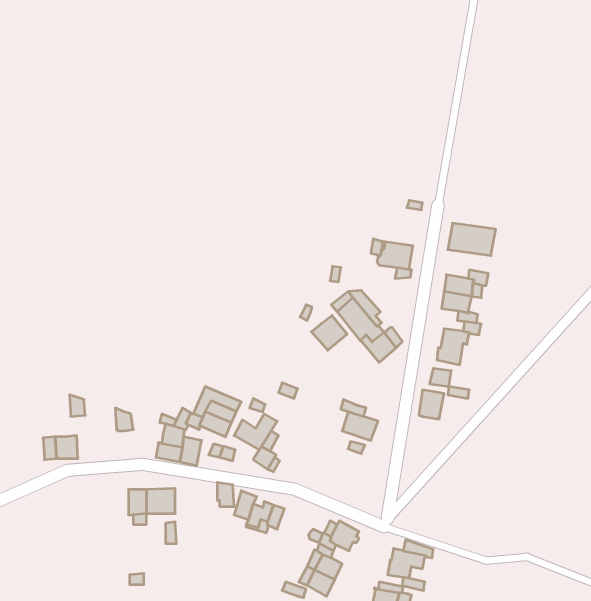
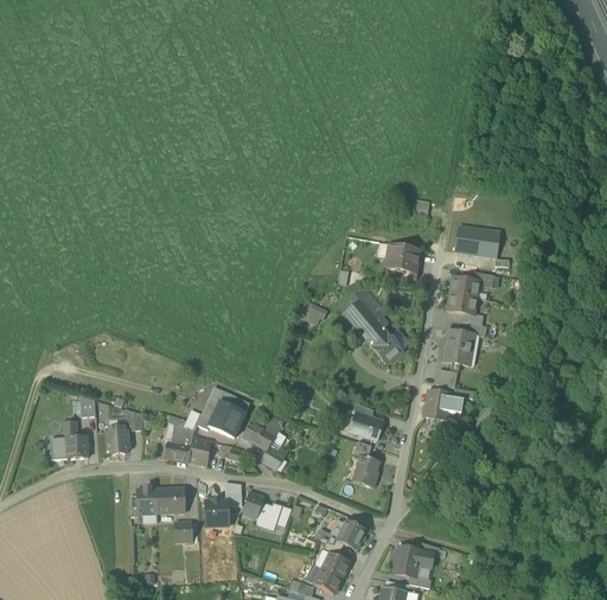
building: [311,315,347,350] -> none
building: none -> [106,426,129,454]
building: none -> [356,455,379,487]
building: none -> [205,498,228,525]

